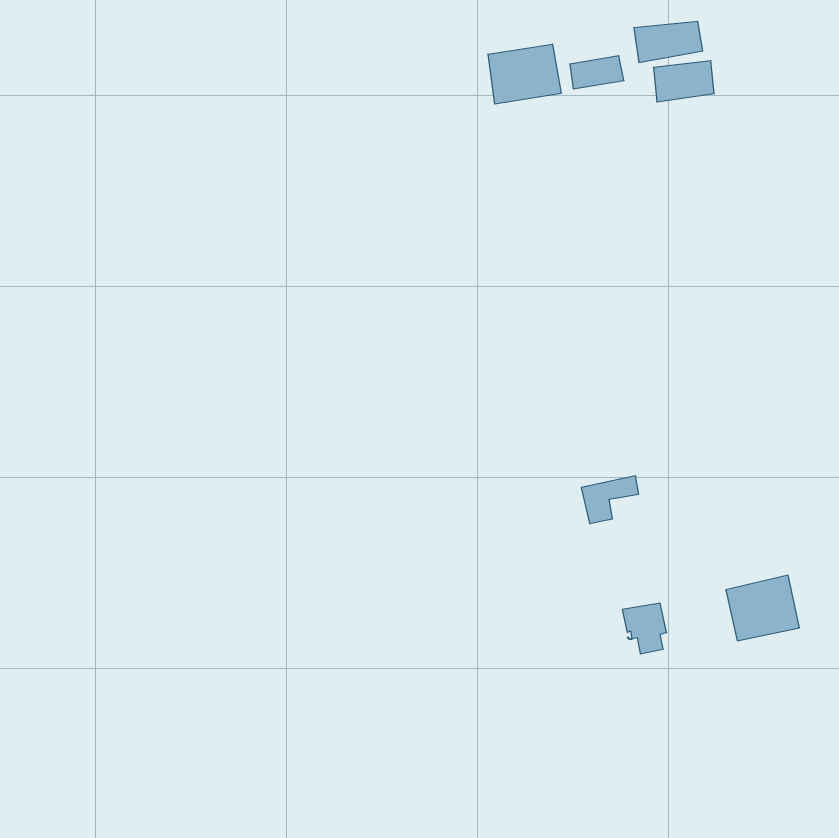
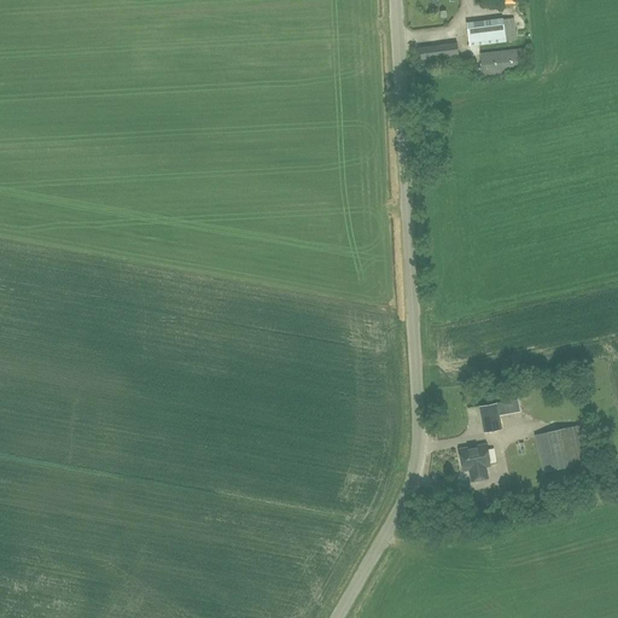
building: [488,44,561,104] -> none
building: [581,476,639,524] -> [478,397,520,432]

